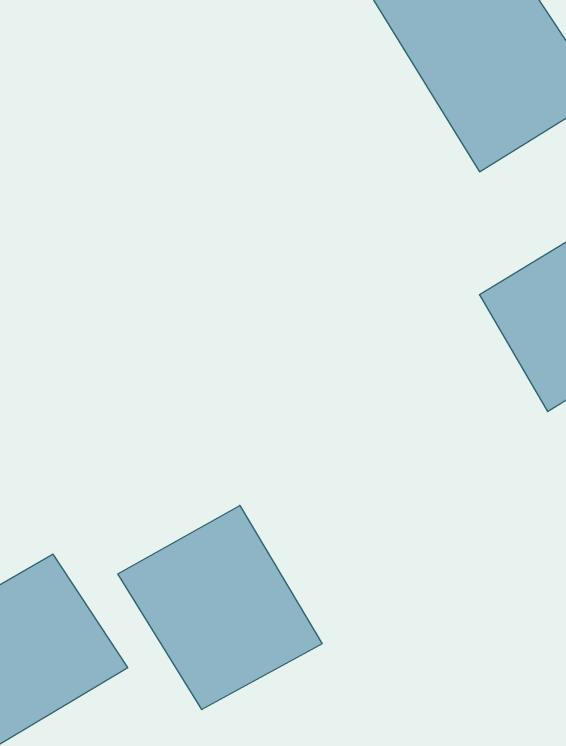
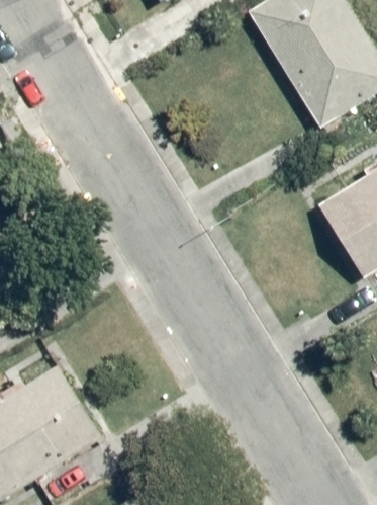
building: [118,505,322,710] -> none

